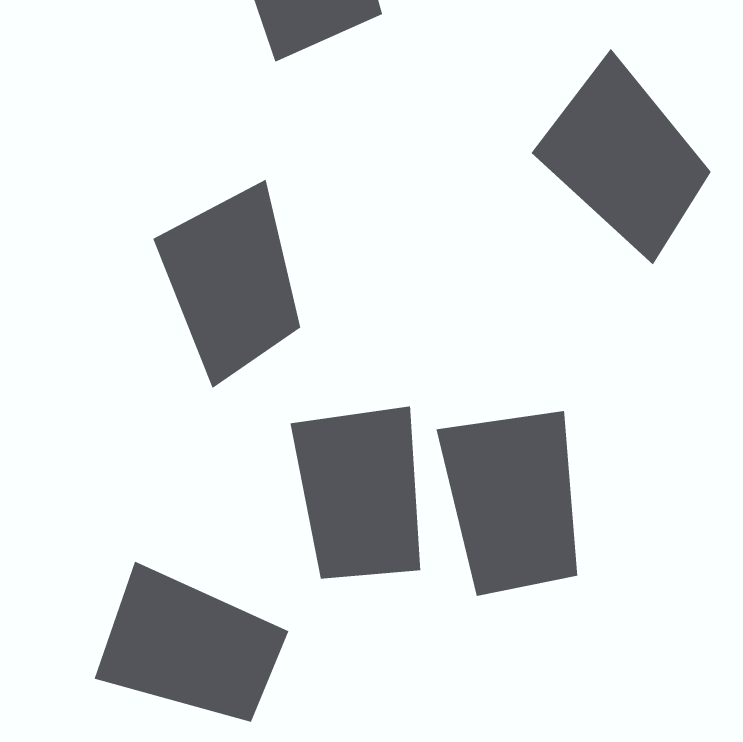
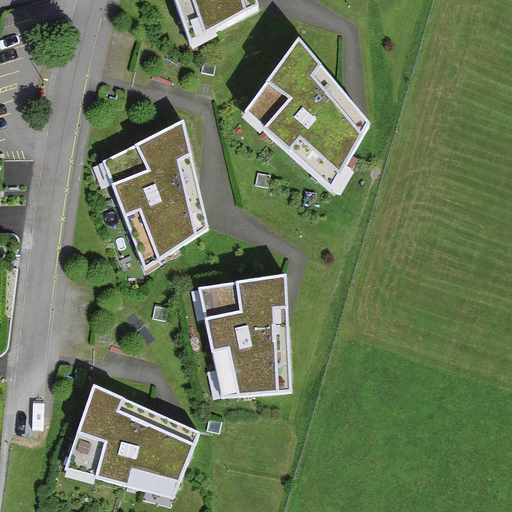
building: [530,47,712,266] -> [244,38,368,187]
building: [435,410,578,597] -> none

